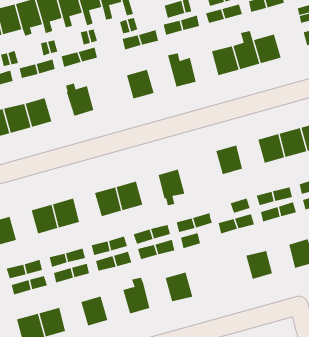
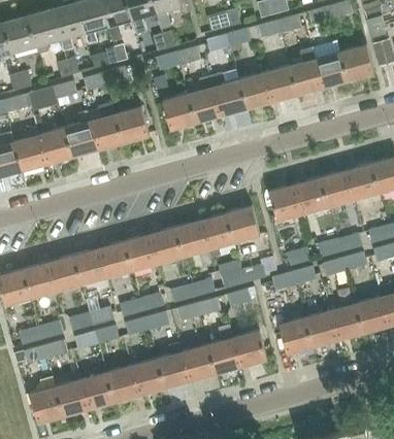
building: none -> [339,44,373,80]
building: none -> [238,72,271,109]
building: none -> [187,77,221,123]
building: none -> [114,106,149,143]
building: none -> [64,121,98,157]
building: none -> [294,178,327,213]
building: none -> [224,206,259,243]
building: none -> [173,221,206,257]
building: none -> [98,242,131,277]
building: none -> [22,263,55,299]
building: none -> [330,304,363,339]
building: none -> [278,317,313,353]
building: none -> [233,330,267,367]
building: none -> [183,344,216,380]
building: none -> [131,359,165,395]
building: none -> [81,373,114,408]

